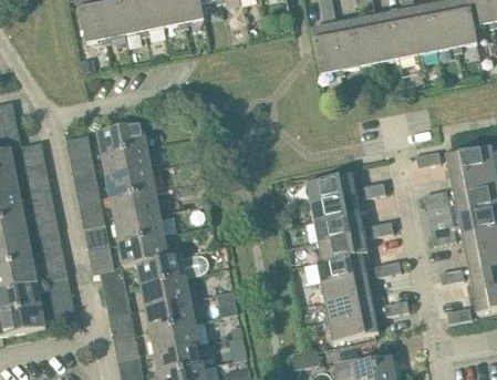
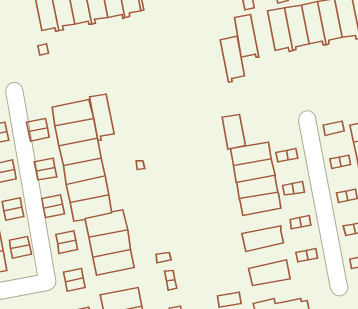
building: [330,19,359,73] -> [220,36,245,82]
building: none -> [90,94,114,140]
building: none -> [222,115,246,149]
building: [317,250,369,280] -> none
building: [324,291,372,321] -> none
building: [149,320,198,352] -> none

